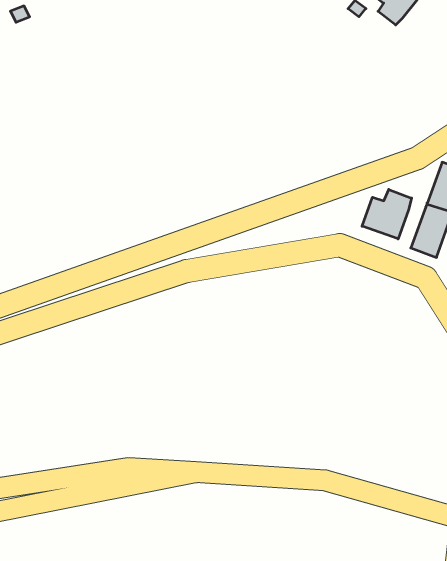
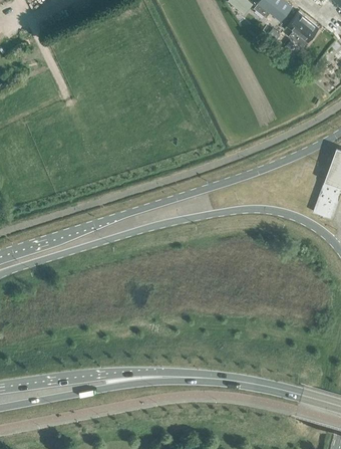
building: [362,189,412,239] -> none

